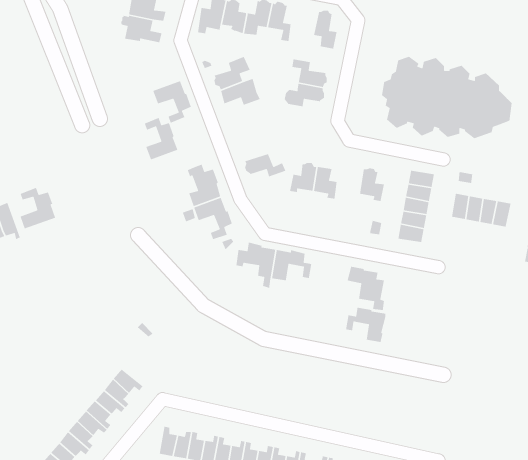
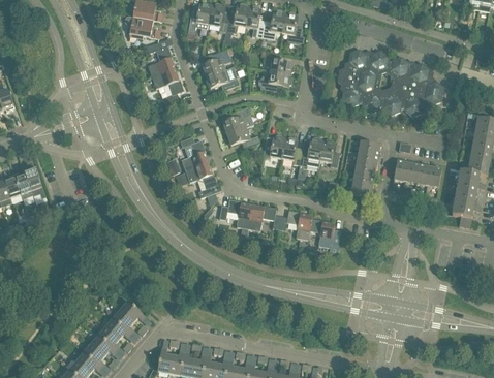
building: none -> [263,8,286,39]
building: [144,117,178,160] -> [147,41,175,76]
building: none -> [222,106,254,133]
building: none -> [300,136,322,166]
building: [19,187,56,229] -> none
building: [345,307,386,343] -> [279,210,312,239]

